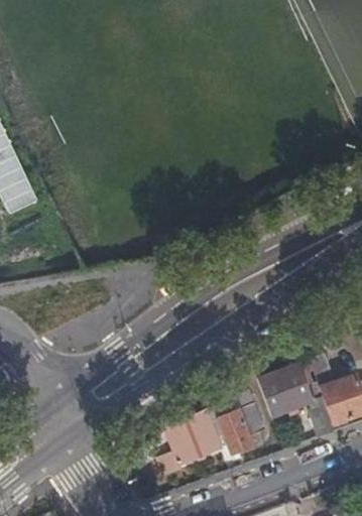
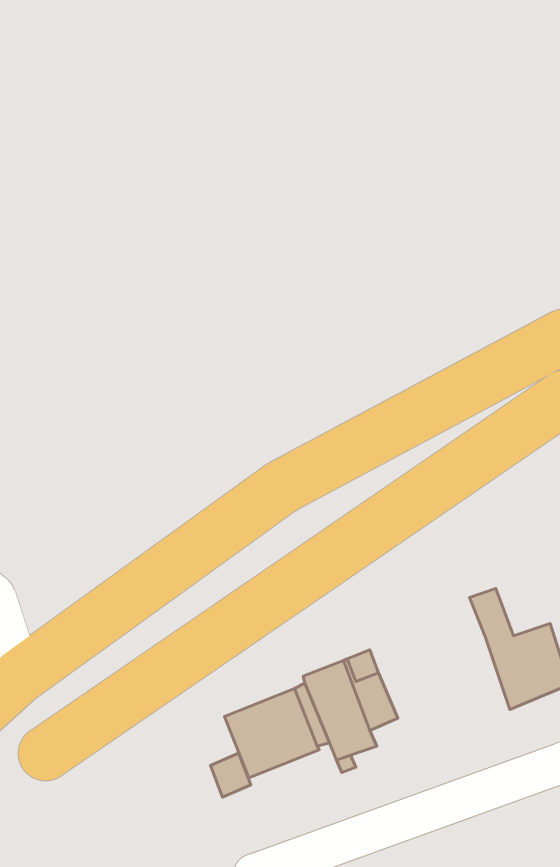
building: [258,364,335,436] -> none

